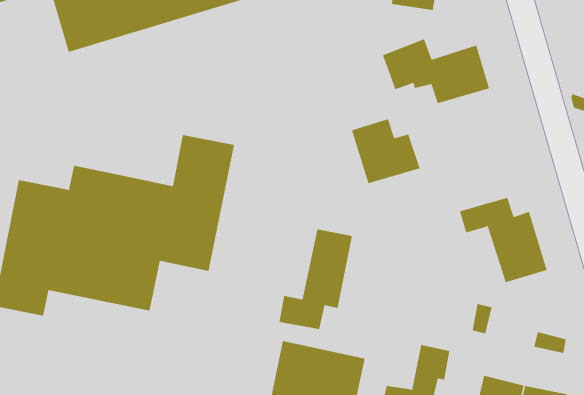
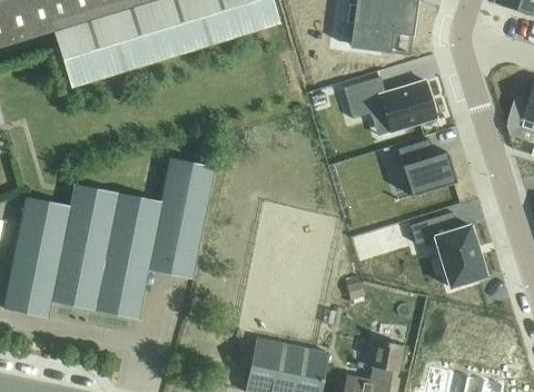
building: [351,119,420,184] -> [397,139,457,196]
building: [279,228,353,330] -> none

